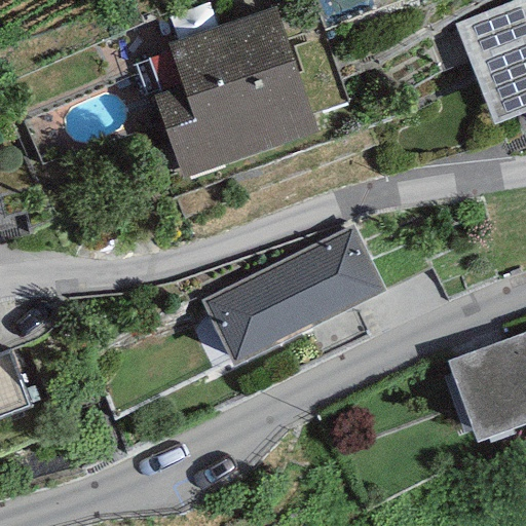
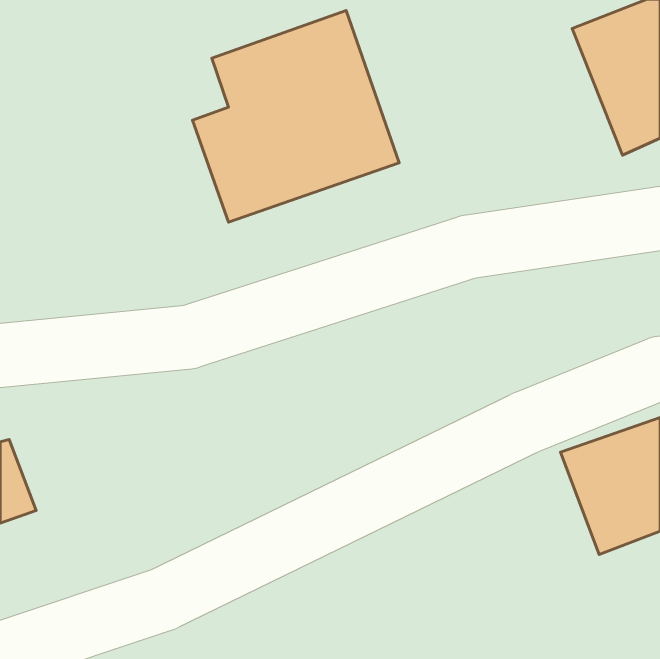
building: [200,224,384,365] -> none

